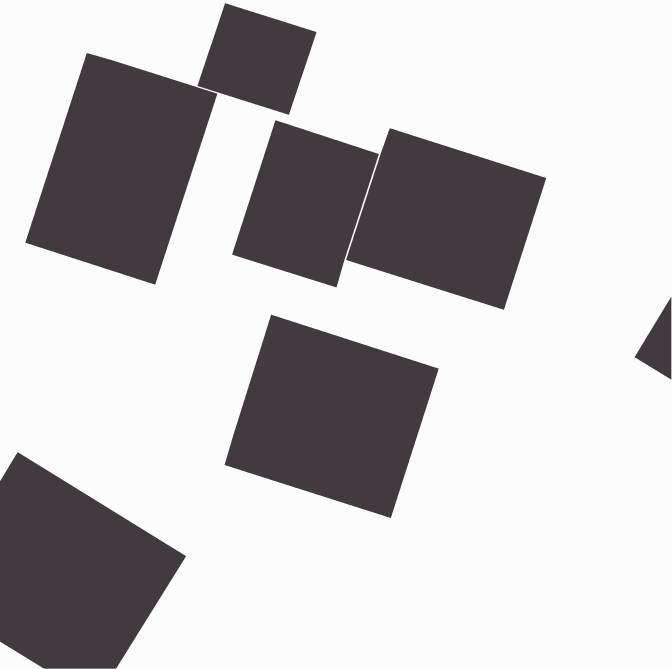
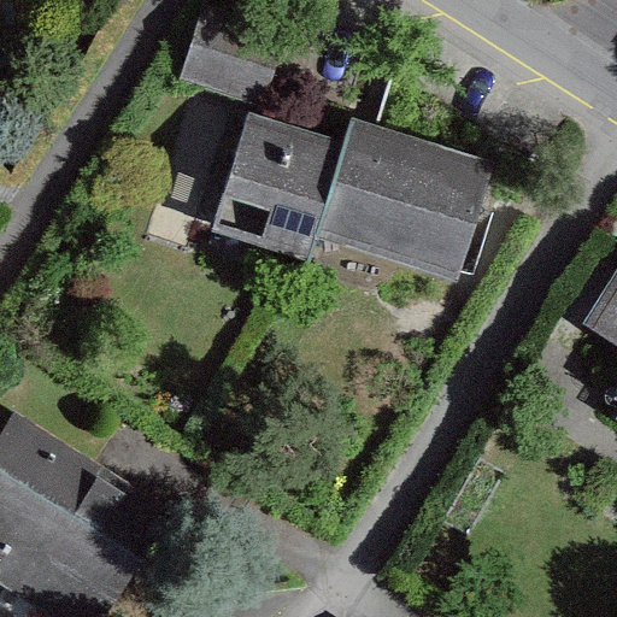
building: [25,52,218,285] -> none
building: [224,314,439,519] -> none

